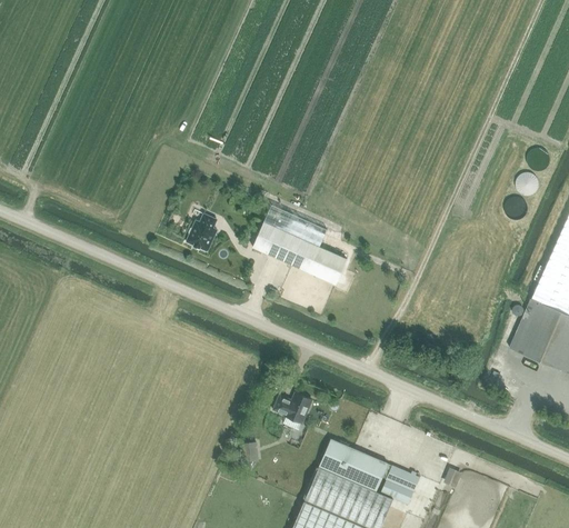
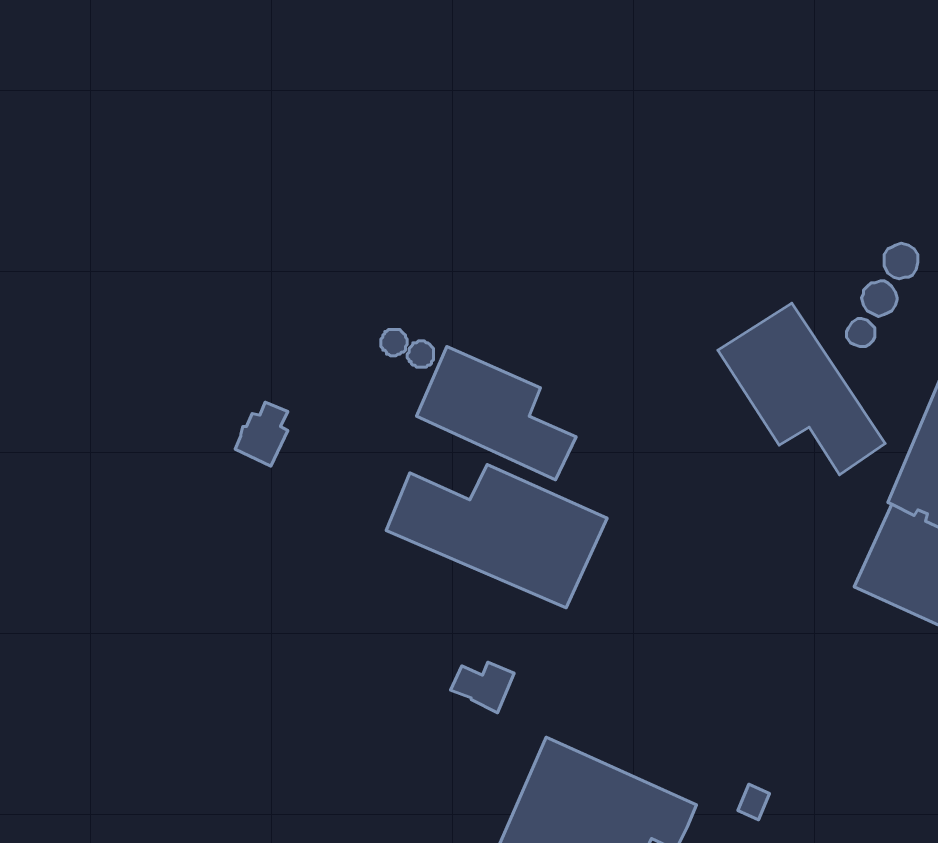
building: none -> [718,303,885,475]
building: [187,215,218,252] -> [235,402,288,466]
building: none -> [386,464,607,608]

